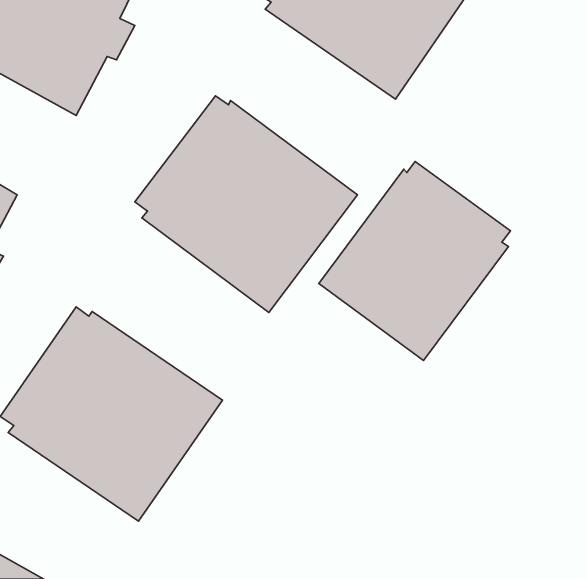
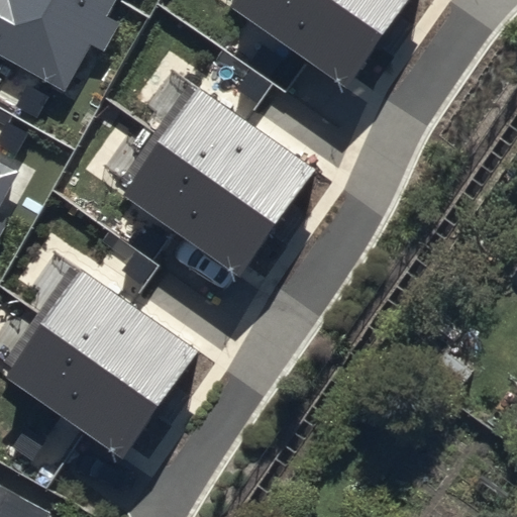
building: [319,161,510,360] -> none

